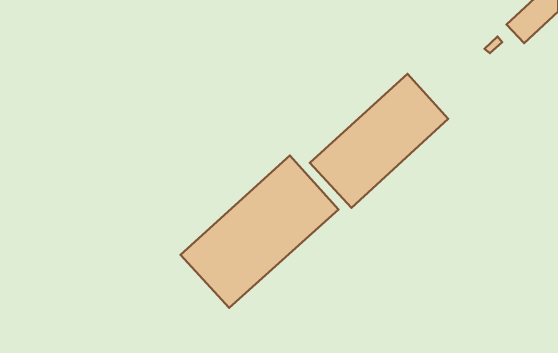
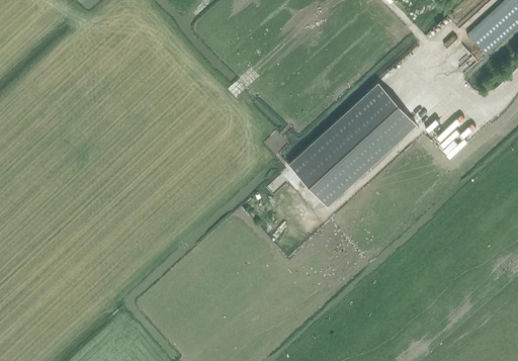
building: [181,155,338,308] -> none

